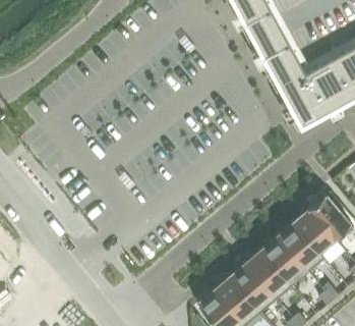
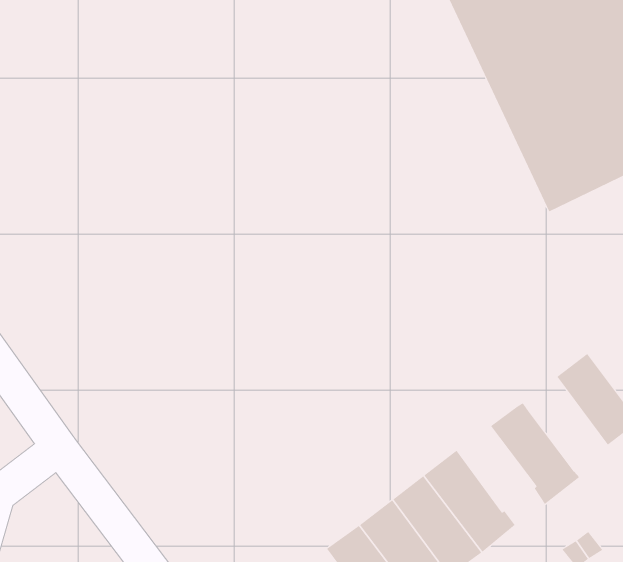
building: [293,208,338,256] -> none
building: [260,235,302,279] -> none

